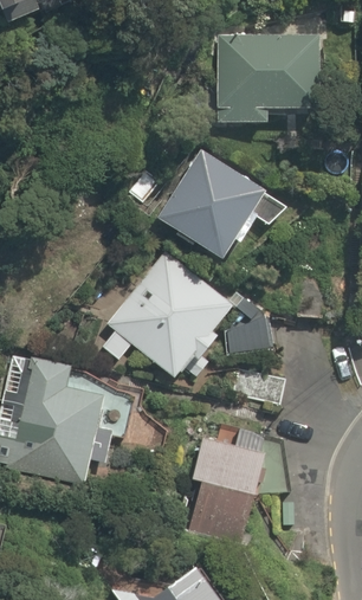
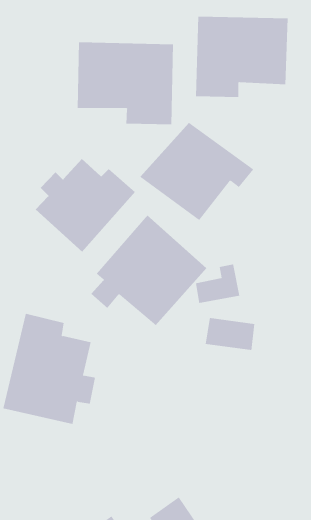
building: none -> [77,41,174,125]
building: none -> [35,158,136,252]
building: [187,431,265,538] -> none

